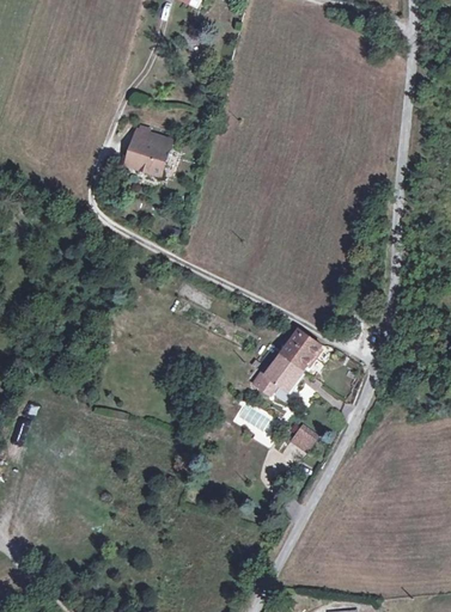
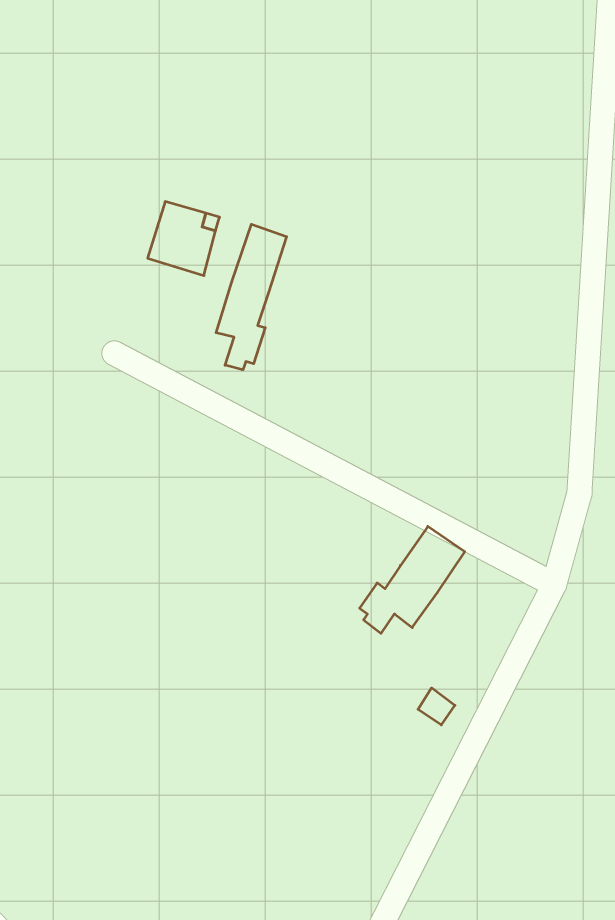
building: none -> [216,224,287,370]

